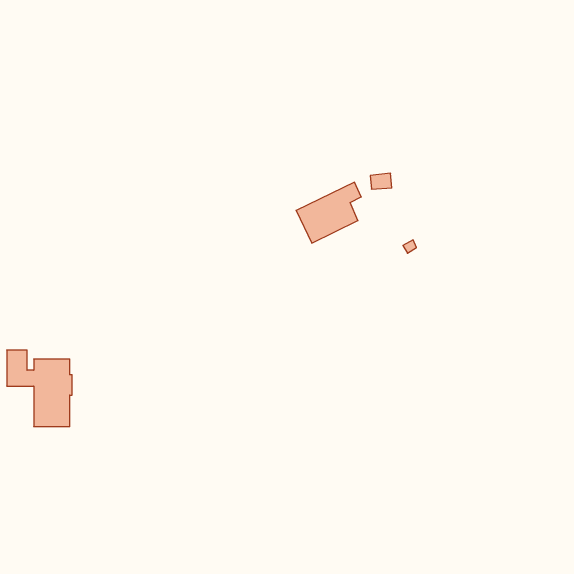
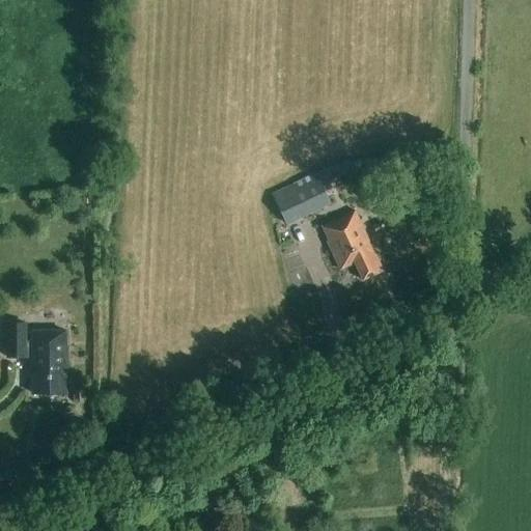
building: none -> [322,211,382,280]

